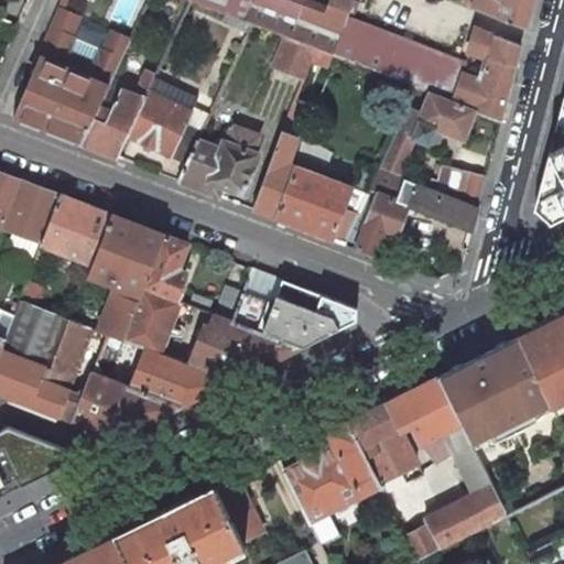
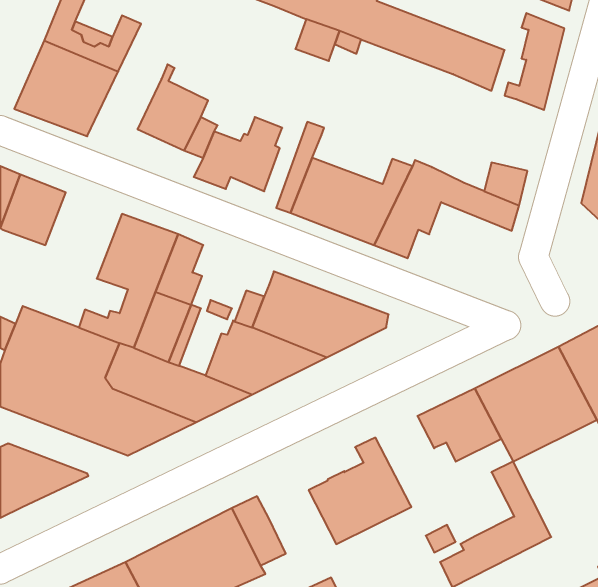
building: [80,70,156,158] -> none
building: [382,87,476,173] -> none
building: [42,196,112,264] -> none
building: [346,402,417,484] -> none
building: [420,423,473,462] -> none

